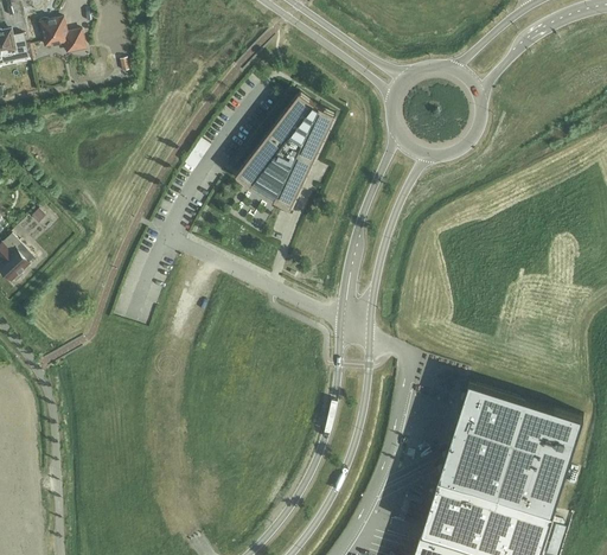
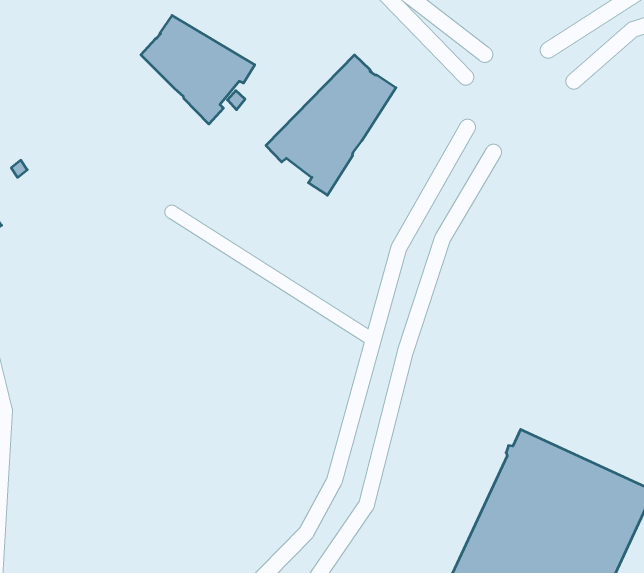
building: none -> [141,15,255,124]

